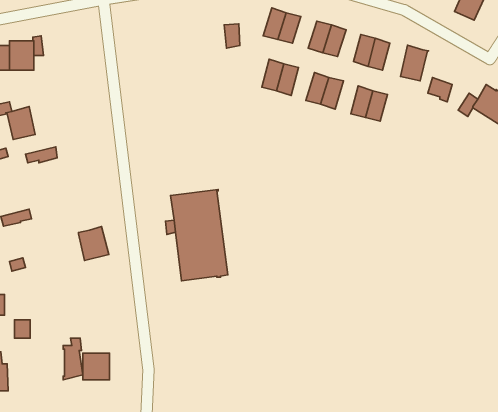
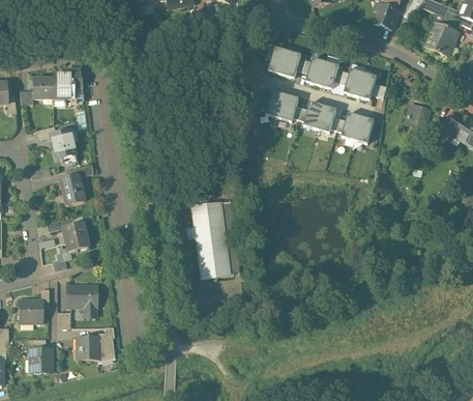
building: [401,45,428,81] -> none
building: none -> [58,176,83,205]
building: [78,226,109,261] -> [62,223,88,252]
building: none -> [67,287,97,318]
building: [83,353,110,380] -> [77,337,99,360]

